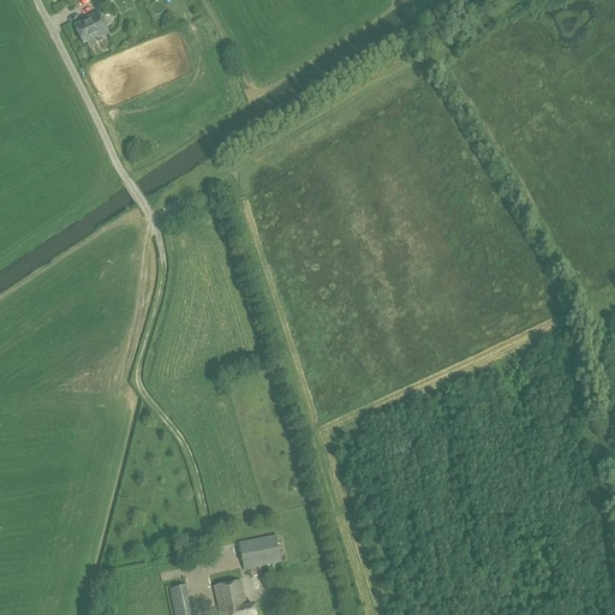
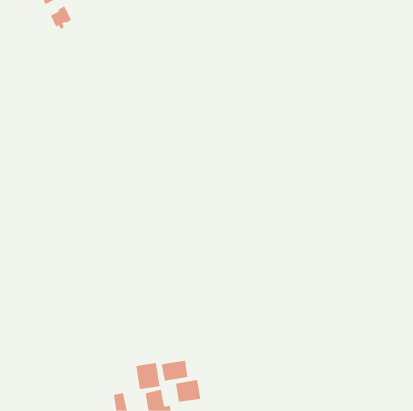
building: none -> [136,362,160,390]
building: none -> [176,379,201,403]

